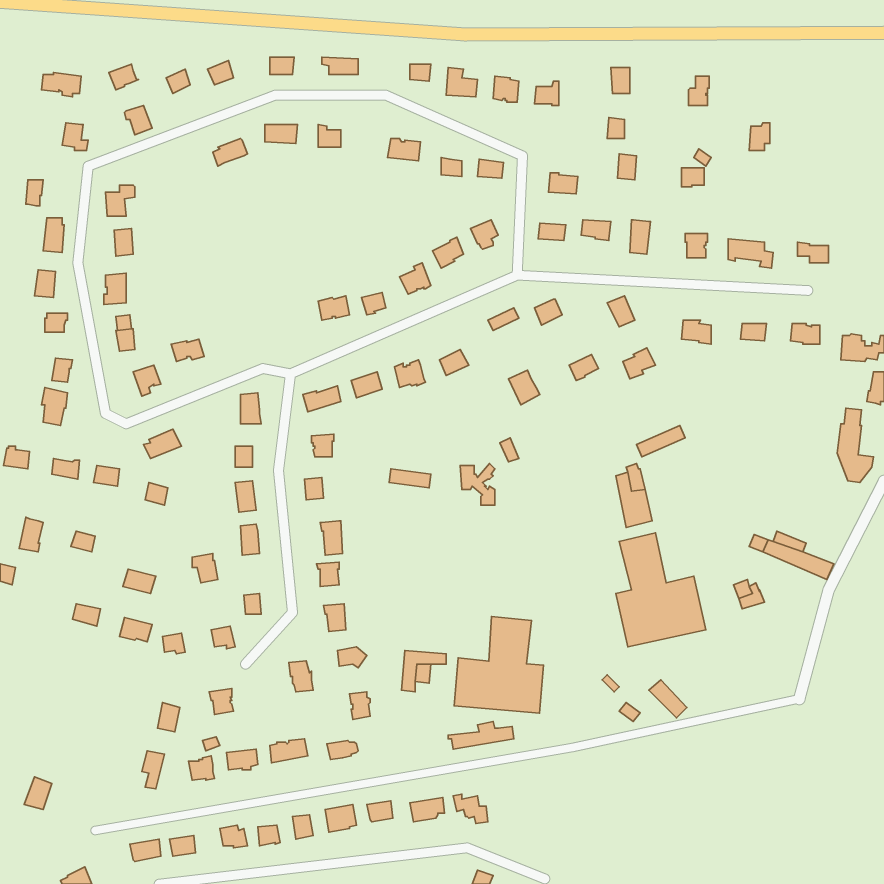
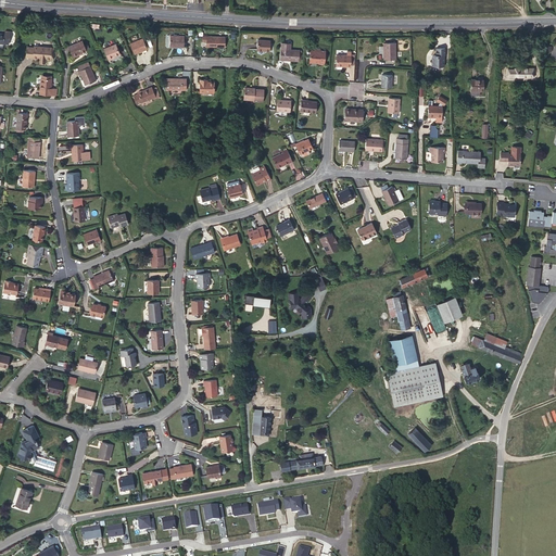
building: none -> [435,294,463,321]
building: [454,617,544,713] -> none
building: none -> [17,426,55,471]

